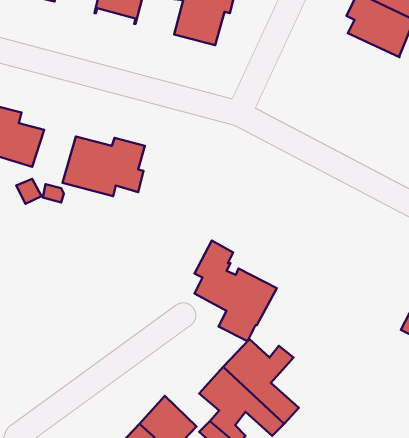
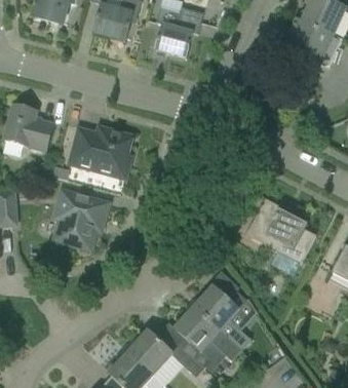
building: none -> [53,187,109,244]
building: [195,241,277,341] -> [253,197,316,275]

